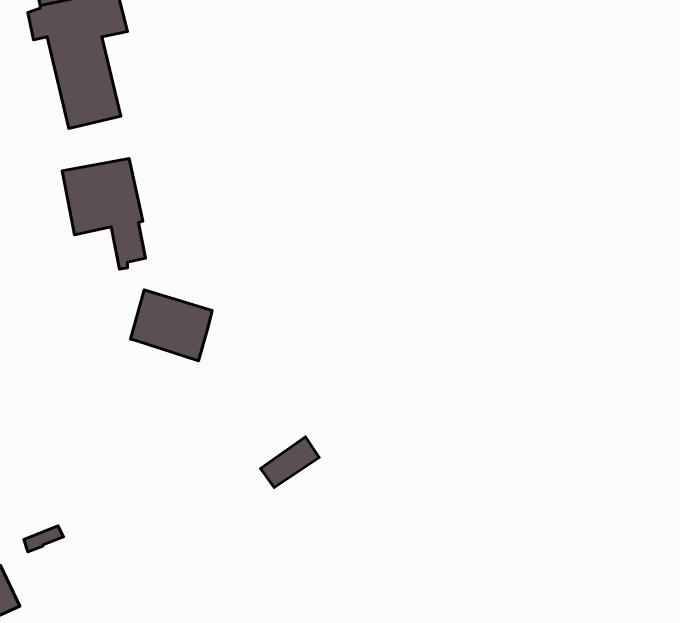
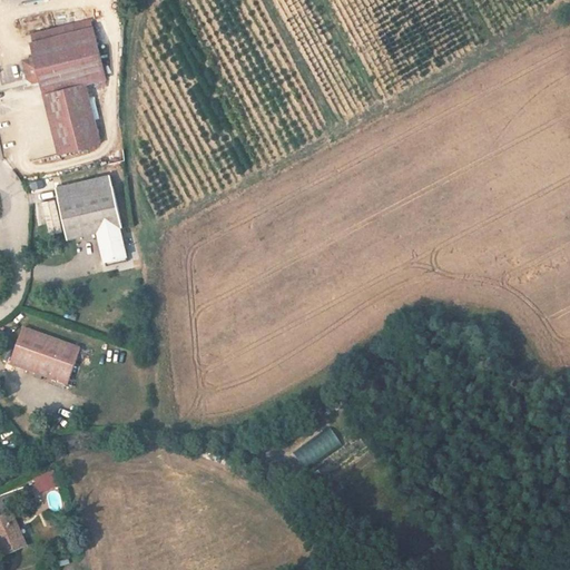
building: [130,290,212,361] -> [12,327,79,385]
building: [261,437,319,487] -> [291,431,338,472]

